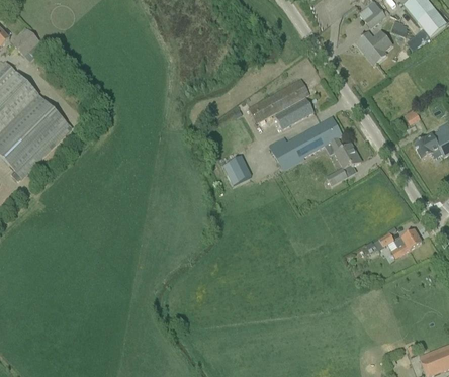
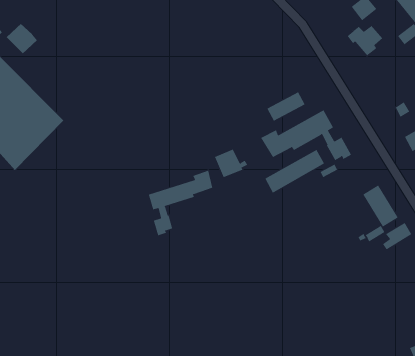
building: [248,79,308,123] -> [265,149,325,194]
building: none -> [148,170,213,236]
building: none -> [362,185,399,227]

